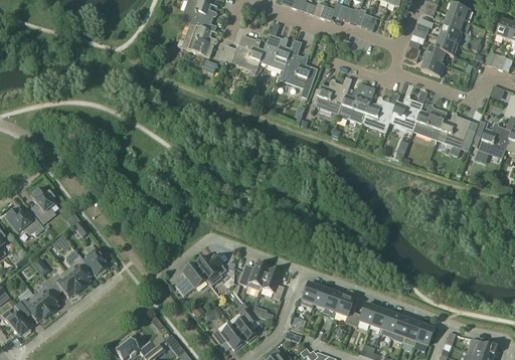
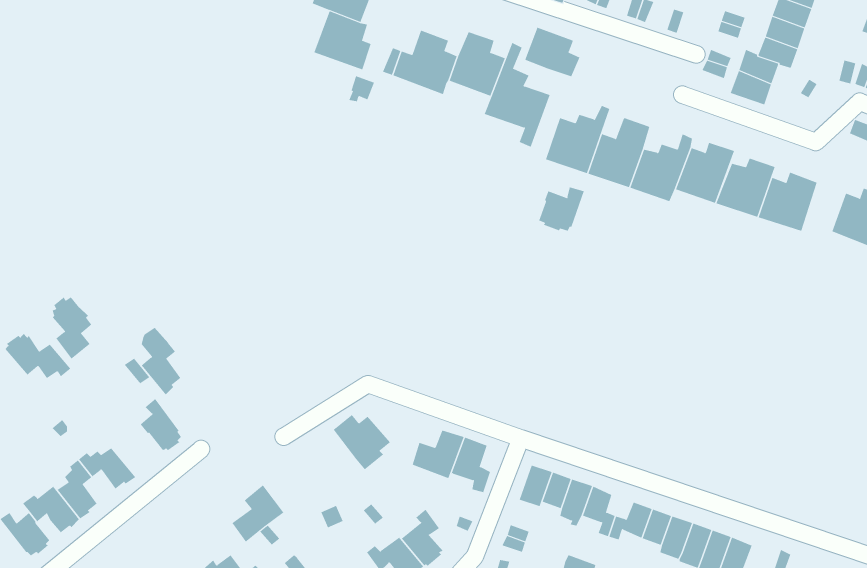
building: none -> [525,27,589,77]
building: none -> [539,186,585,231]
building: [66,250,90,290] -> [141,327,181,395]
building: [175,262,206,296] -> [232,485,286,542]

